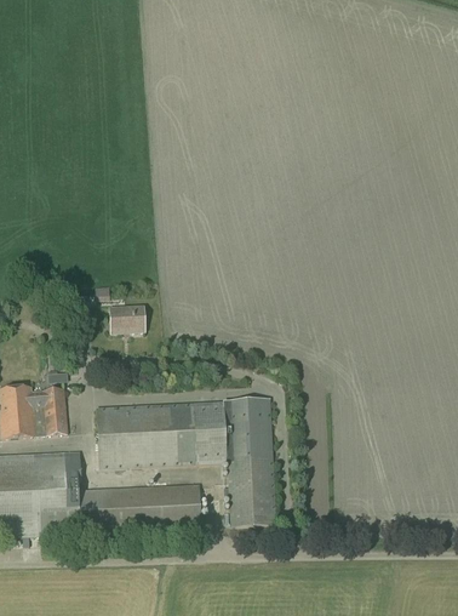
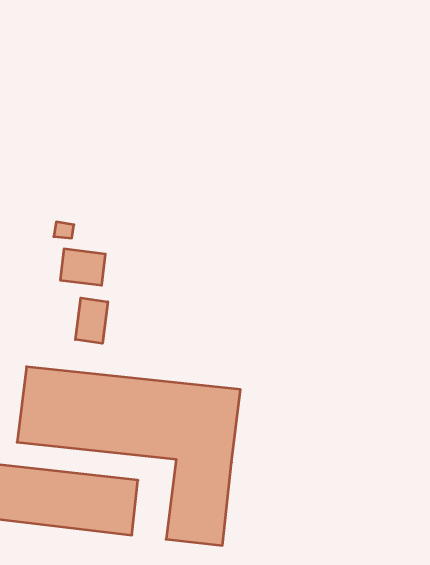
building: none -> [75,298,108,343]

